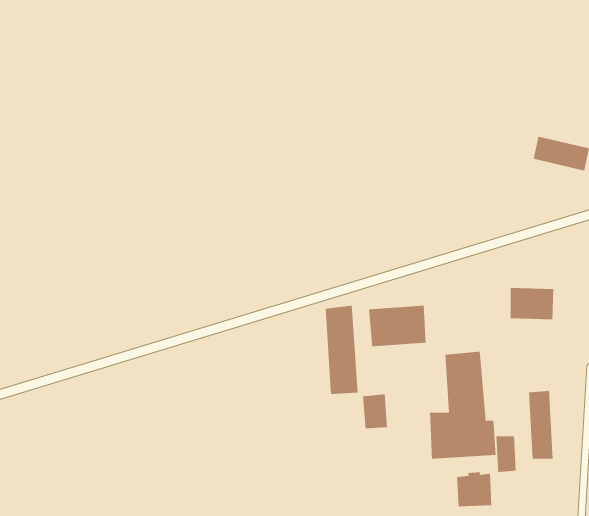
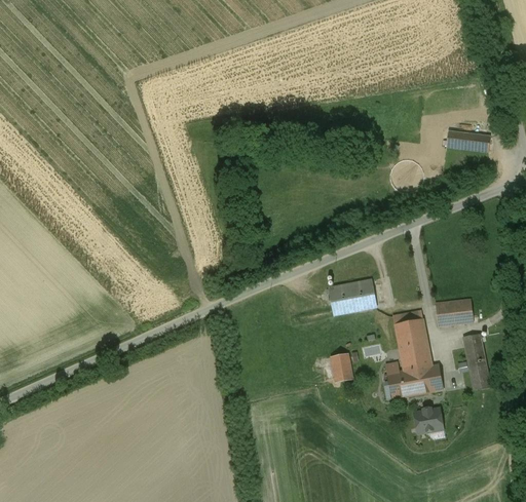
building: [510,287,554,320] -> [434,298,472,326]
building: [325,305,358,395] -> none
building: [496,436,517,473] -> none

